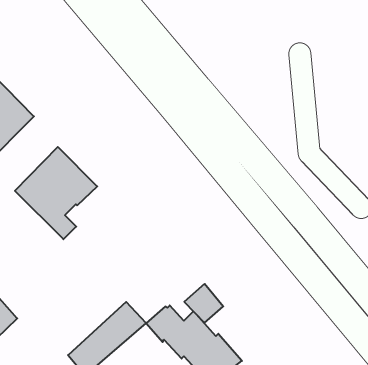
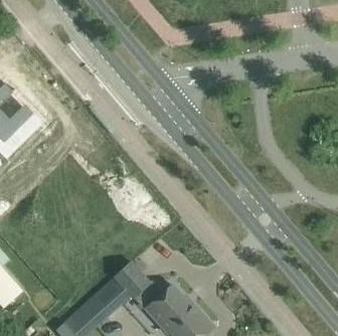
building: [15,147,97,239] -> none
building: [184,284,223,323] -> [115,263,148,296]

